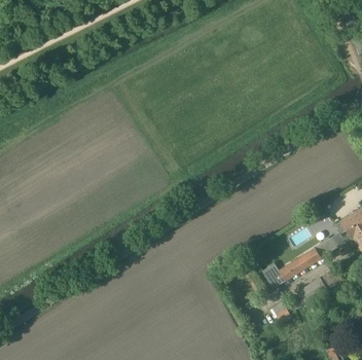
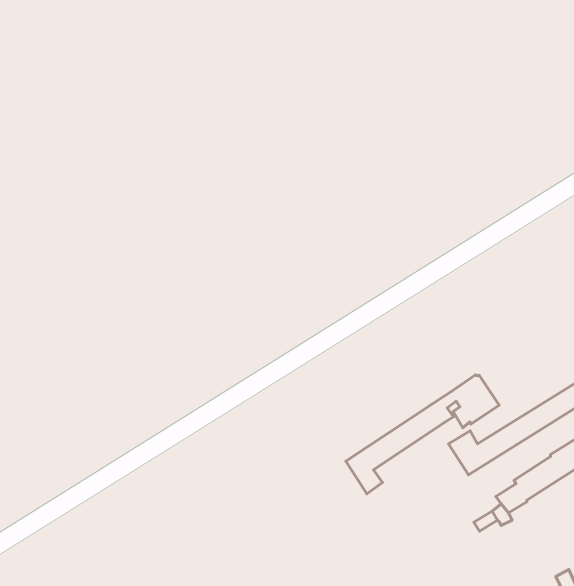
building: none -> [346,375,499,494]

